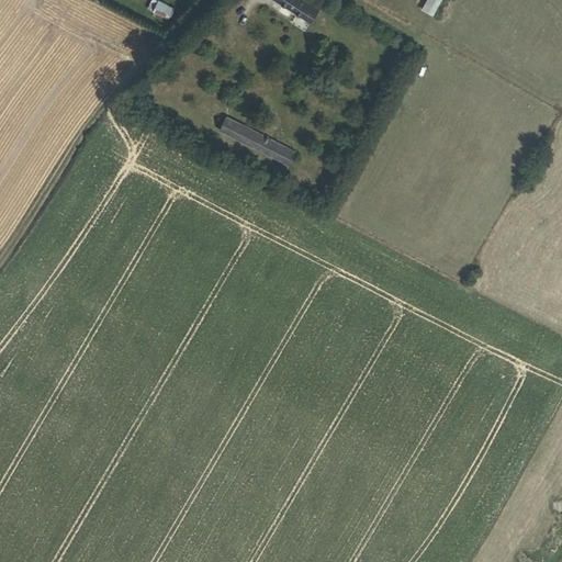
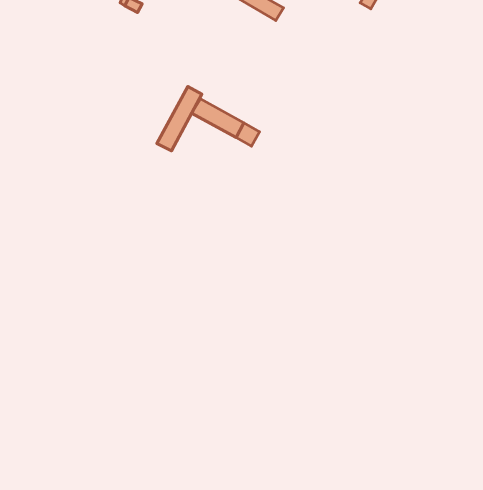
building: none -> [157,86,202,151]

